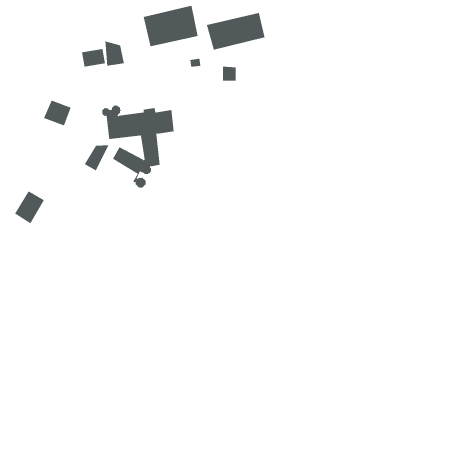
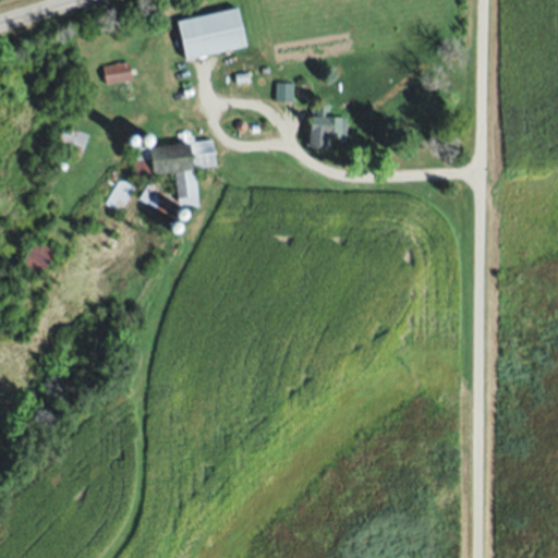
building: [206,12,265,51] -> none
building: [105,41,125,67] -> none
building: none -> [306,106,349,147]

